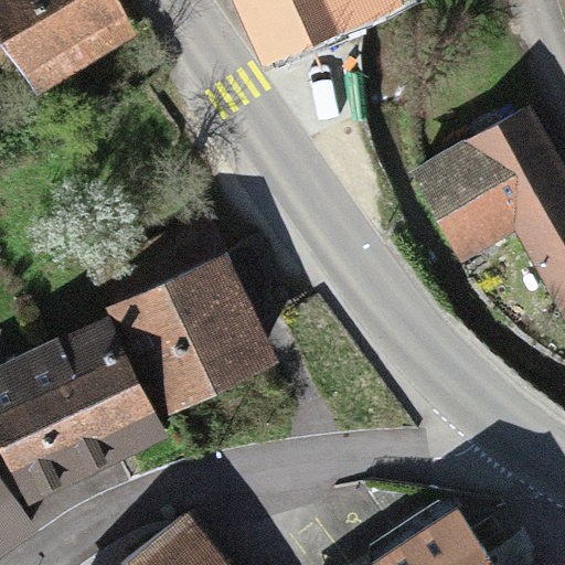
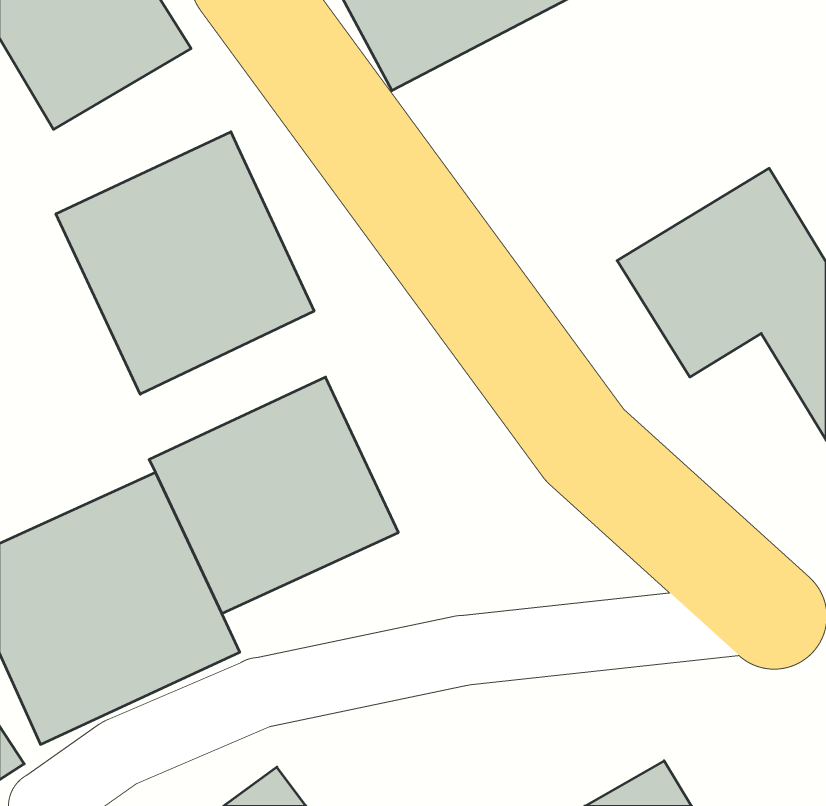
building: none -> [56,132,314,394]

